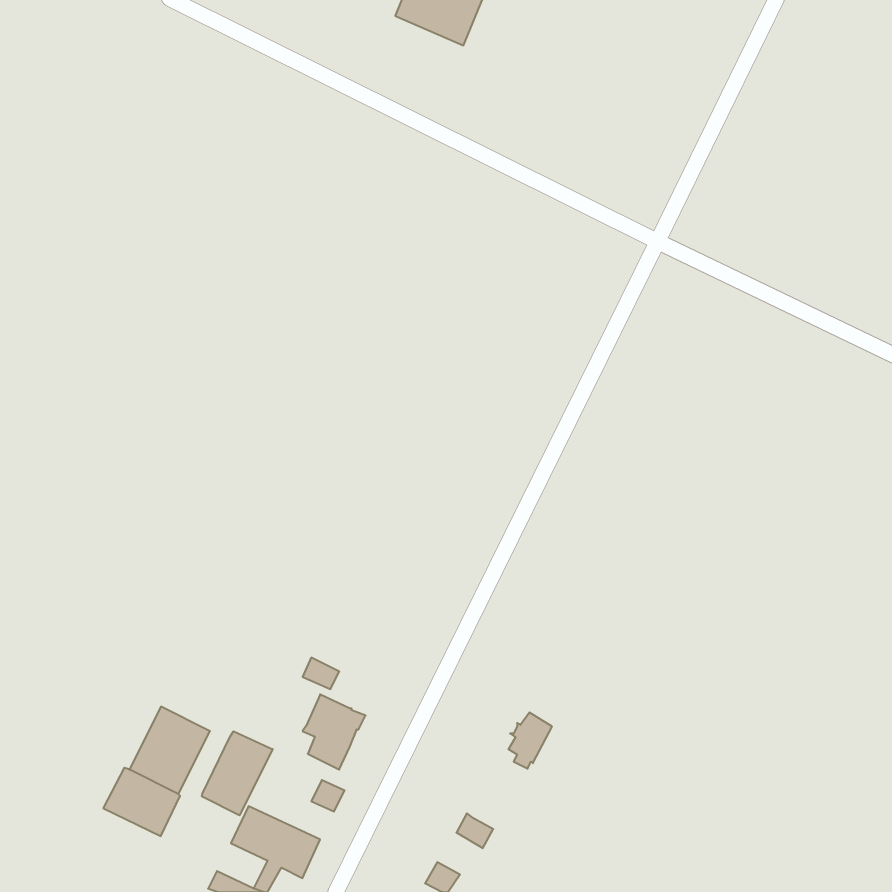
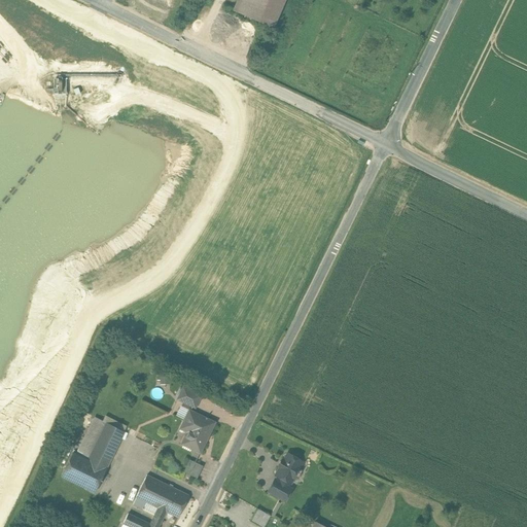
building: [508,713,552,769] -> [277,453,303,486]
building: [202,731,273,815] -> none

